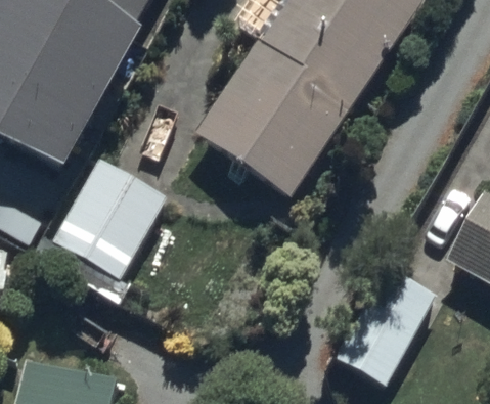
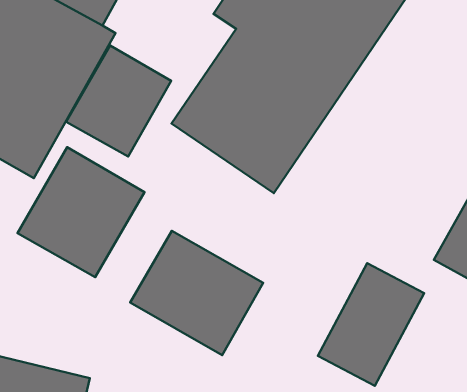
building: none -> [66,46,171,157]
building: none -> [130,231,263,355]

